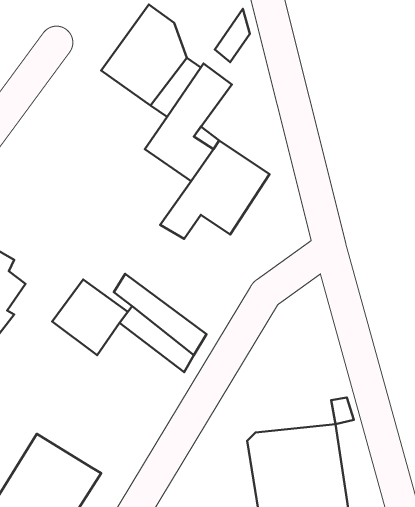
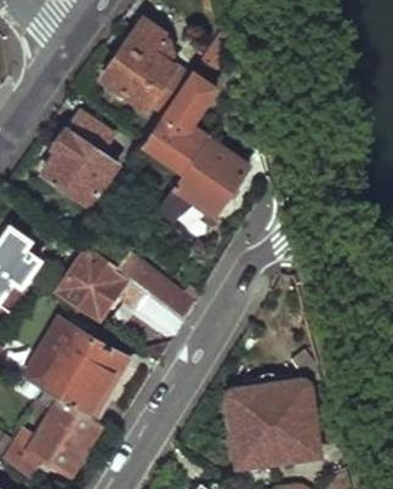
building: none -> [41,113,115,204]
building: none -> [25,325,127,420]

